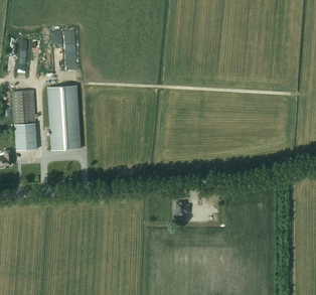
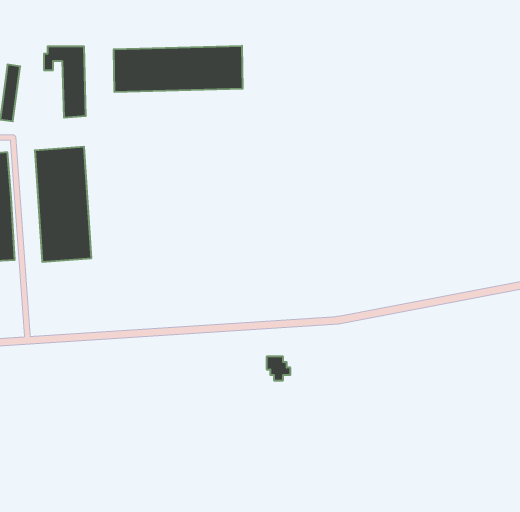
building: none -> [114,46,243,92]

